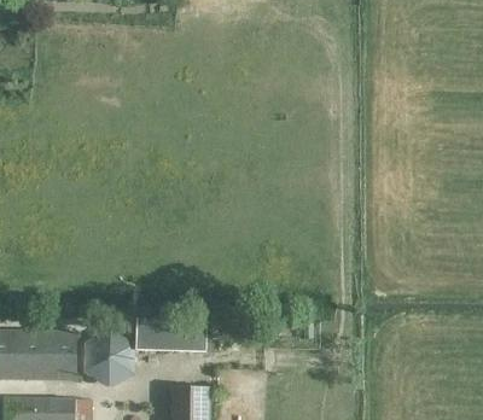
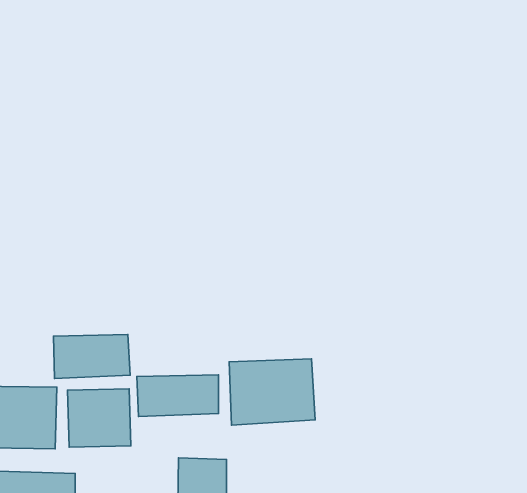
building: none -> [53,334,130,378]
building: none -> [229,359,315,425]

